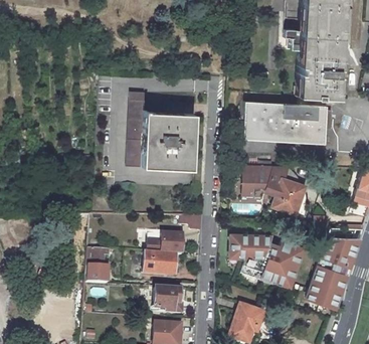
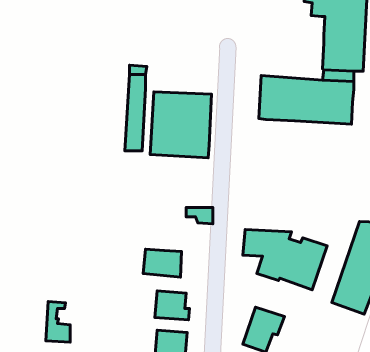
building: [244,164,307,215] -> none
building: [161,233,183,253] -> none
building: [86,247,108,283] -> [46,302,70,342]

